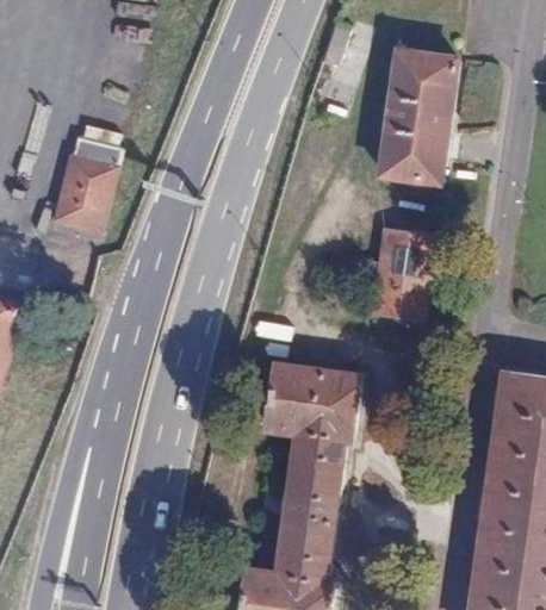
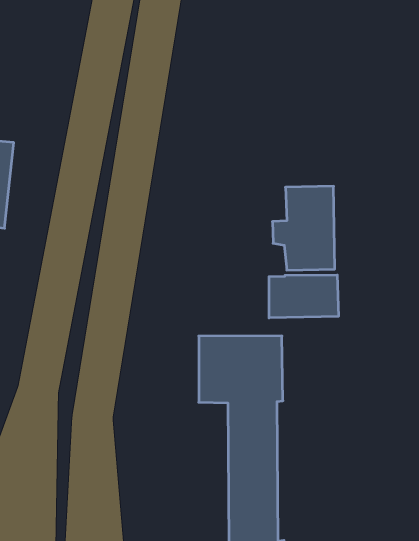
building: [379,51,455,185] -> none
building: none -> [269,275,338,318]

